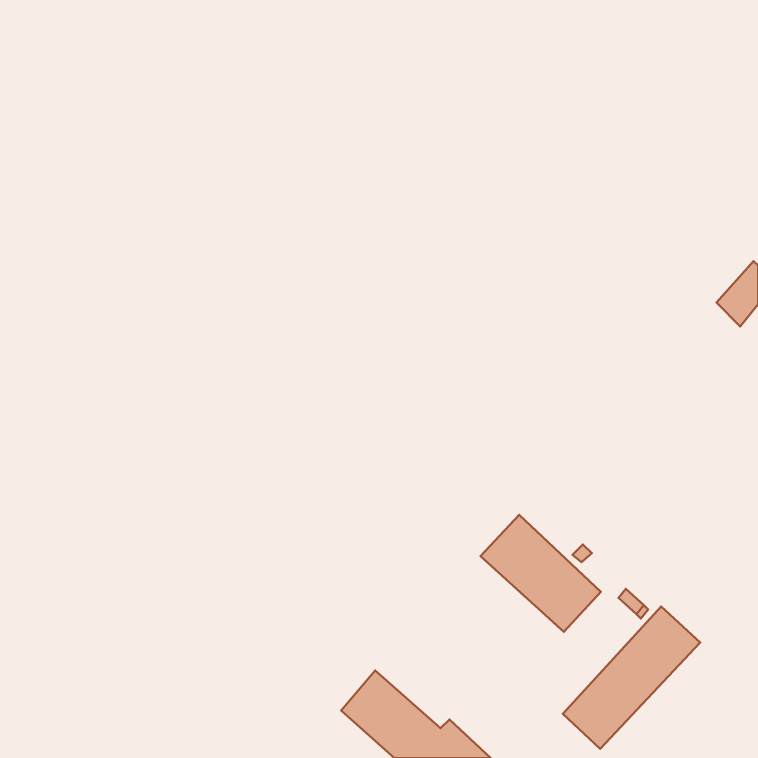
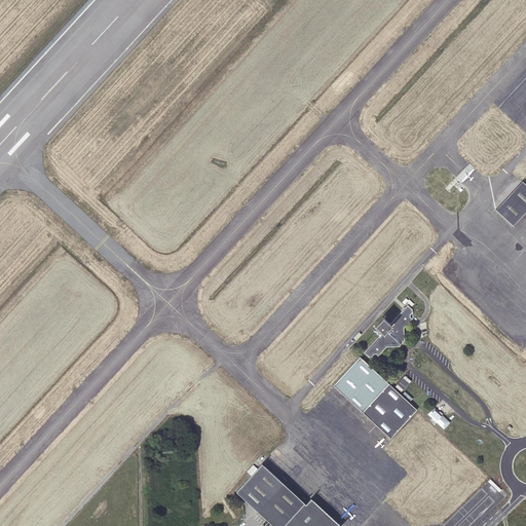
building: none -> [364,305,412,356]
building: [563,606,700,749] -> none

